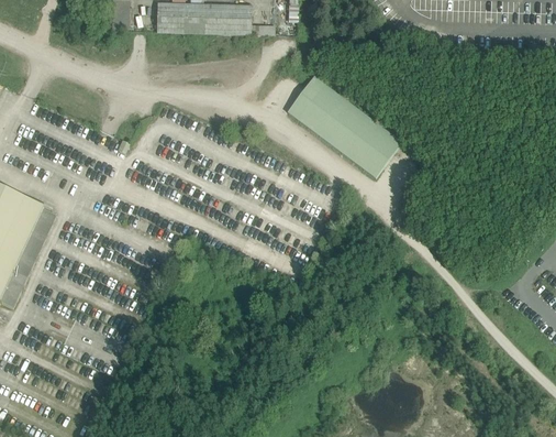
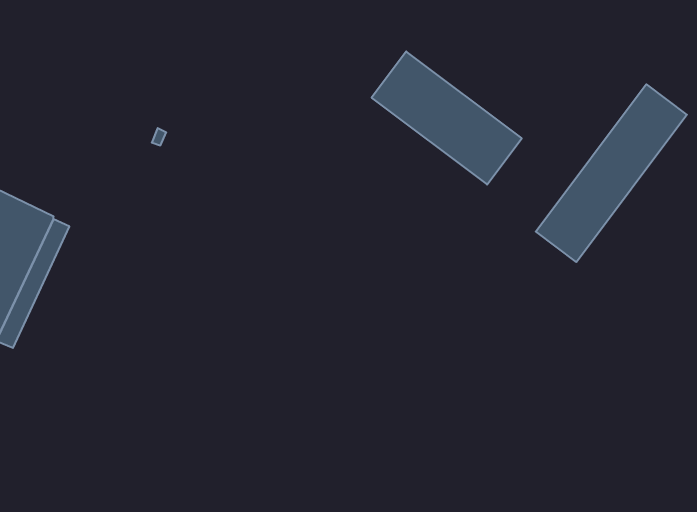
building: none -> [536,84,687,262]

